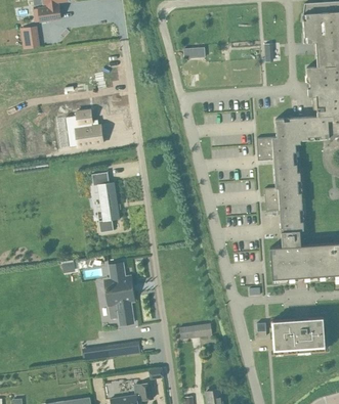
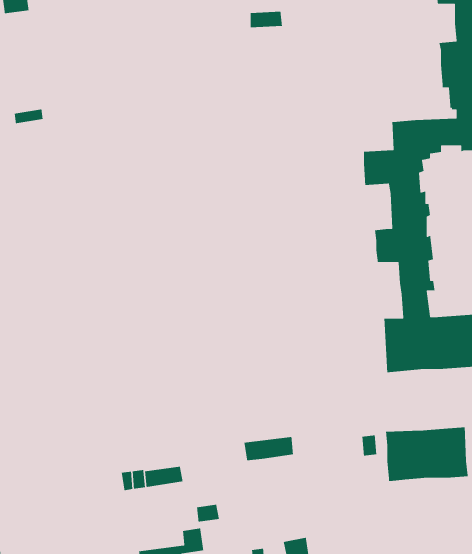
building: [66,109,103,147] -> none
building: [92,172,120,232] -> none
building: [103,262,135,325] -> none

